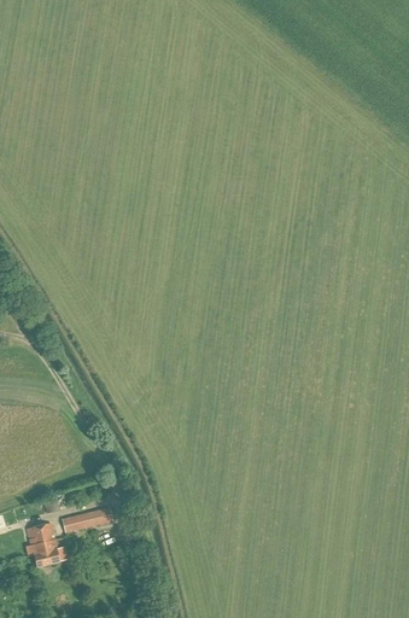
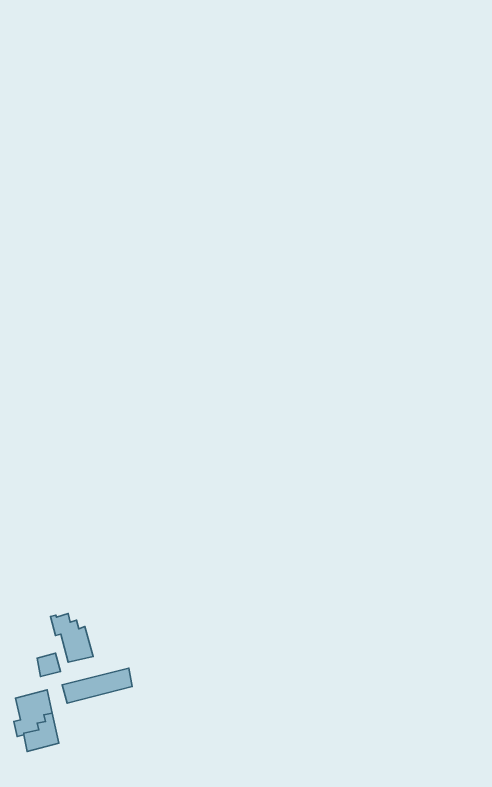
building: none -> [50,614,93,662]

